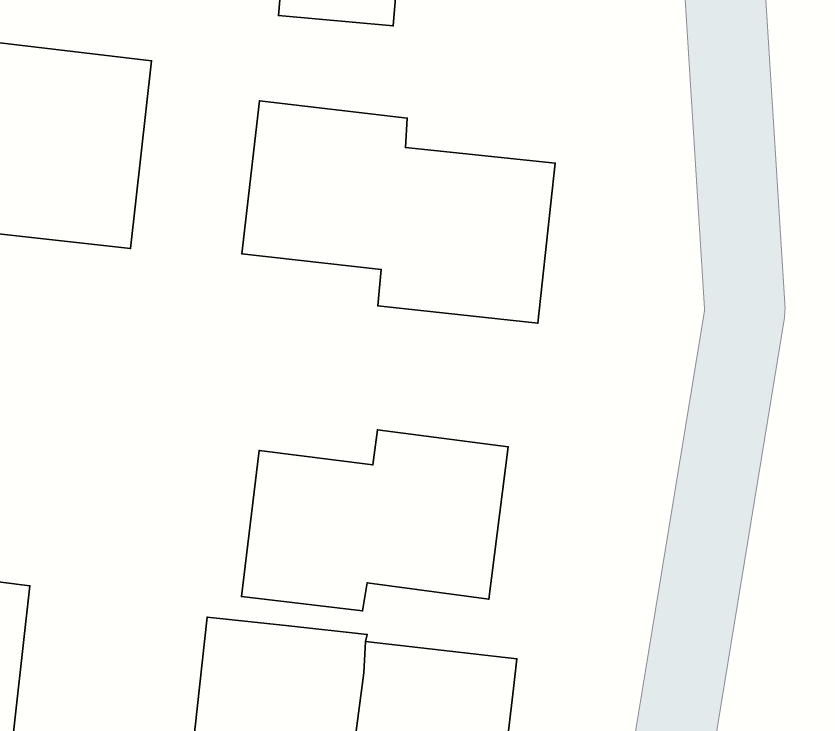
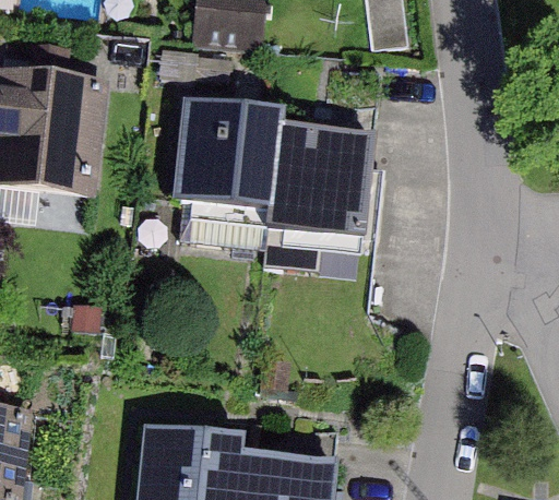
building: [242,430,508,611] -> none

